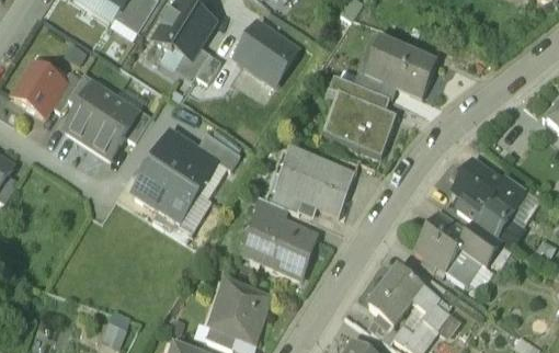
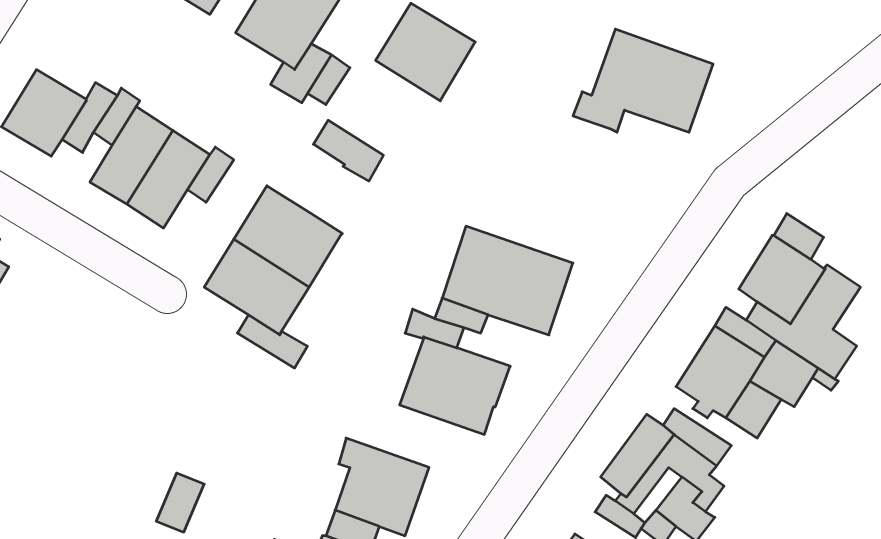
building: [329,83,396,160] -> none
building: [197,134,239,170] -> [313,120,383,181]

